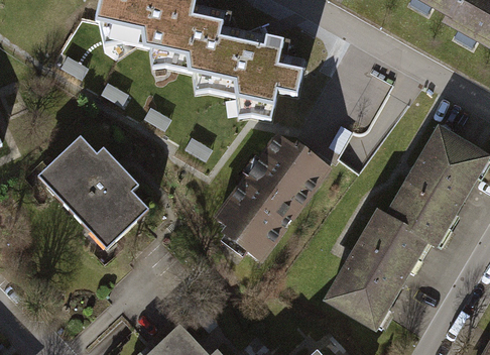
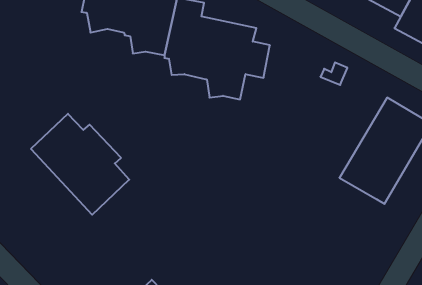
building: [216,135,336,266] -> none
building: [325,205,428,324] -> none

